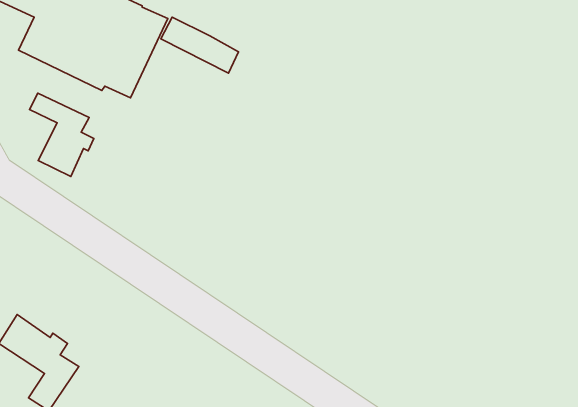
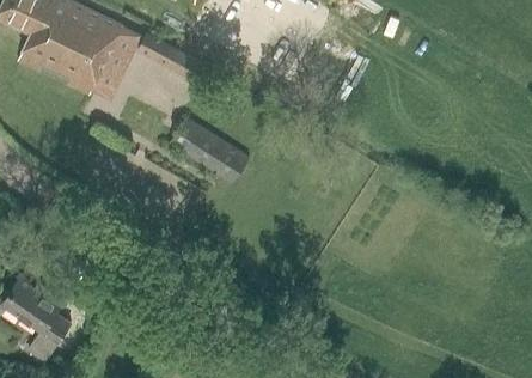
building: [30,93,94,177] -> none
building: none -> [167,116,249,183]

